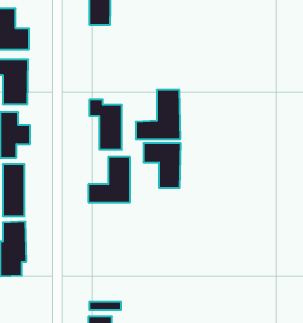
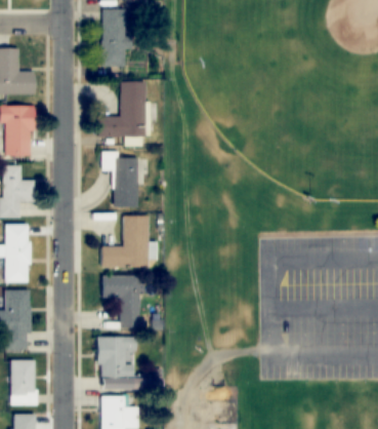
building: [136,90,180,139] -> [96,81,146,137]
building: [143,143,181,188] -> [101,276,143,326]
building: none -> [98,337,133,377]
building: none -> [11,359,36,396]

